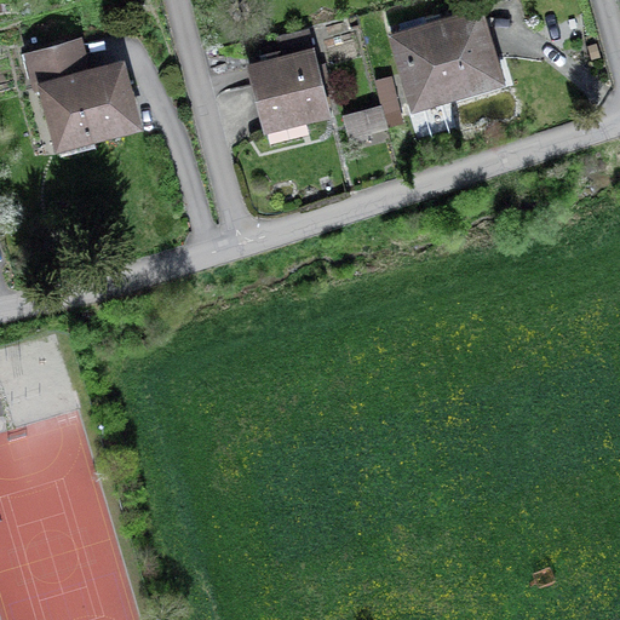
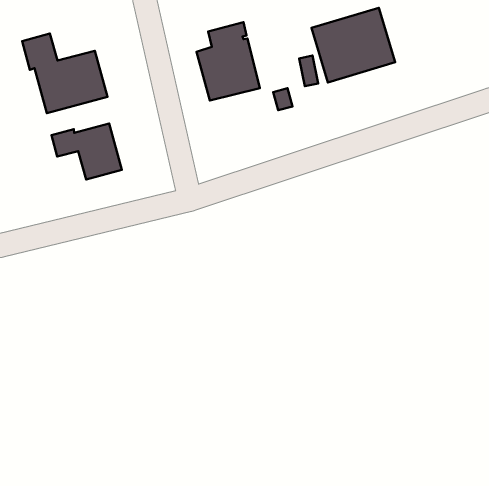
building: none -> [52,124,122,180]

